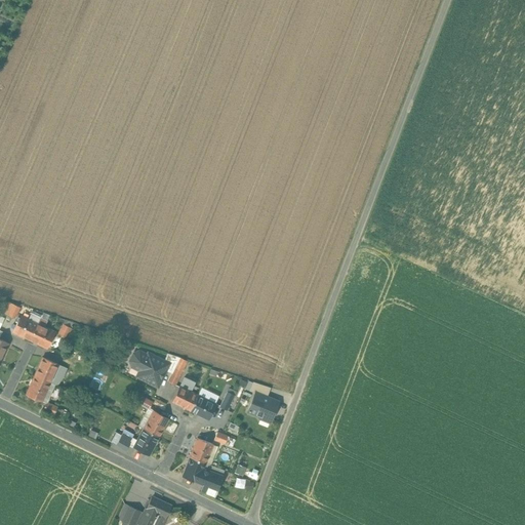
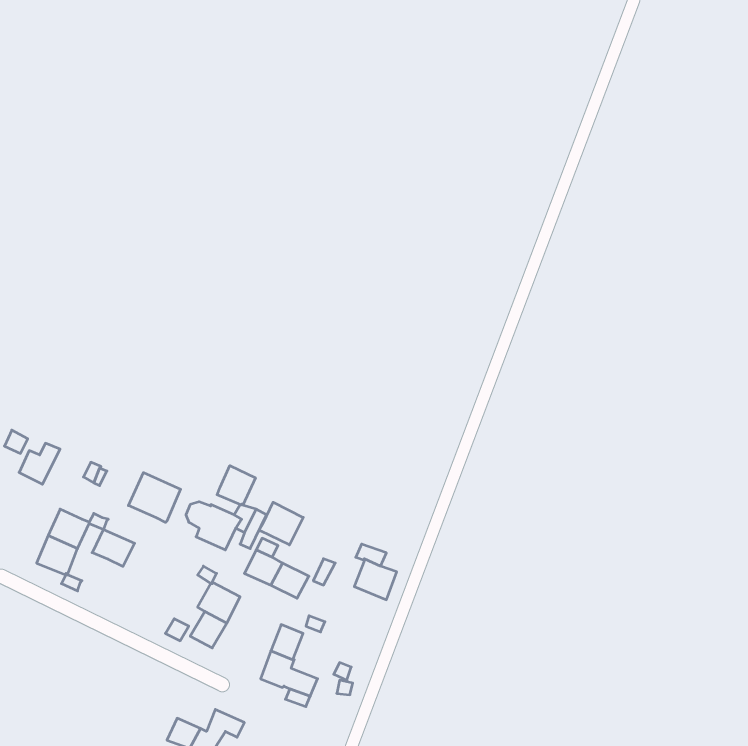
building: [30,314,54,349] -> none
building: none -> [217,466,255,505]
building: none -> [128,473,181,522]
building: none -> [259,502,303,545]
building: none -> [92,529,135,566]

